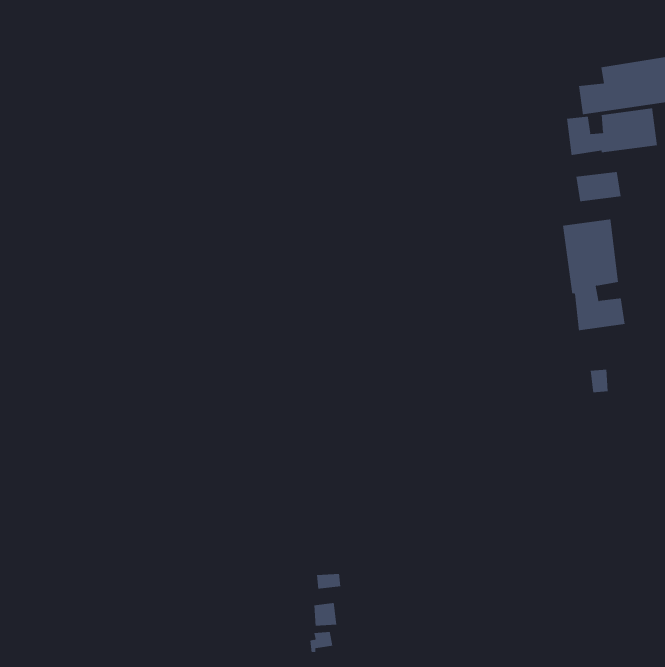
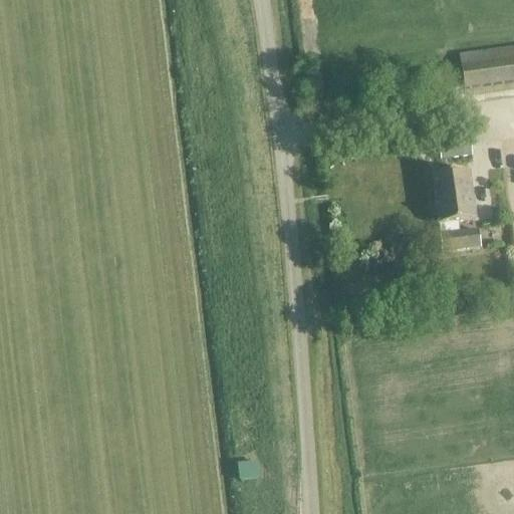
building: [567,107,658,156] -> none

